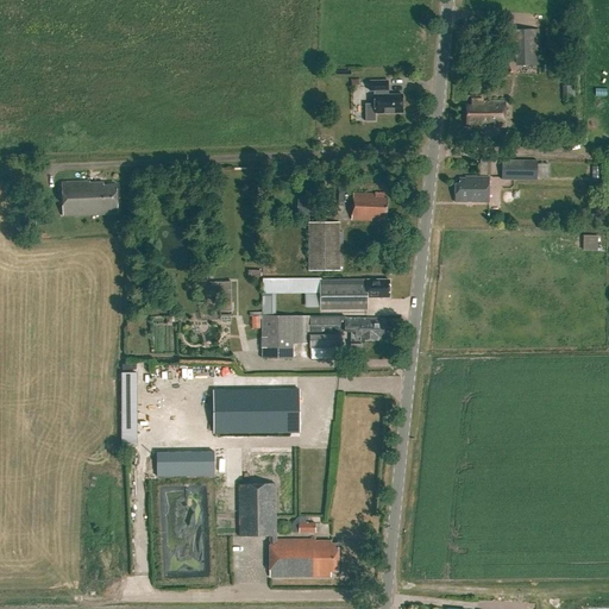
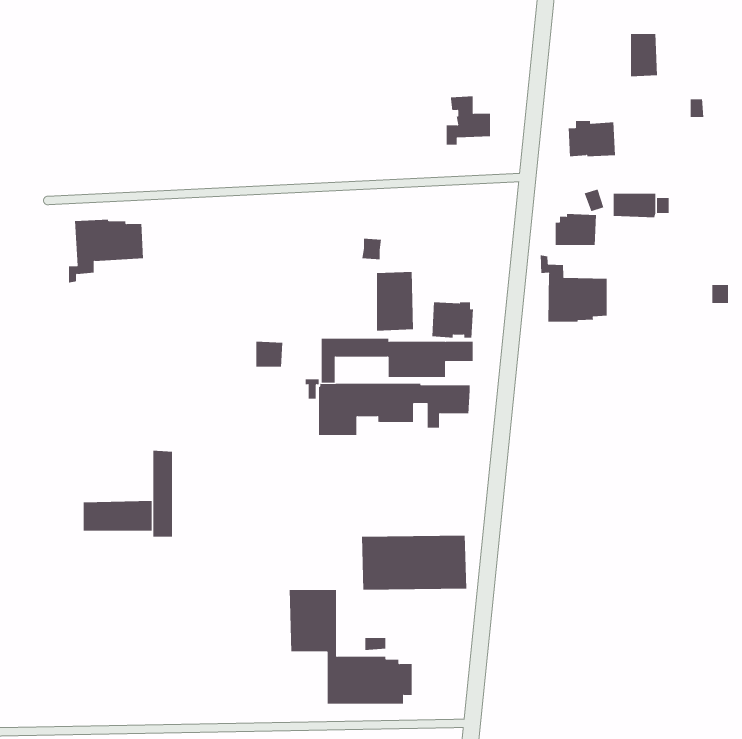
building: [352,192,387,221] -> [432,302,474,338]
building: none -> [540,255,607,323]
building: [213,387,300,432] -> [361,535,467,590]
building: [157,450,214,475] -> [83,501,152,531]

